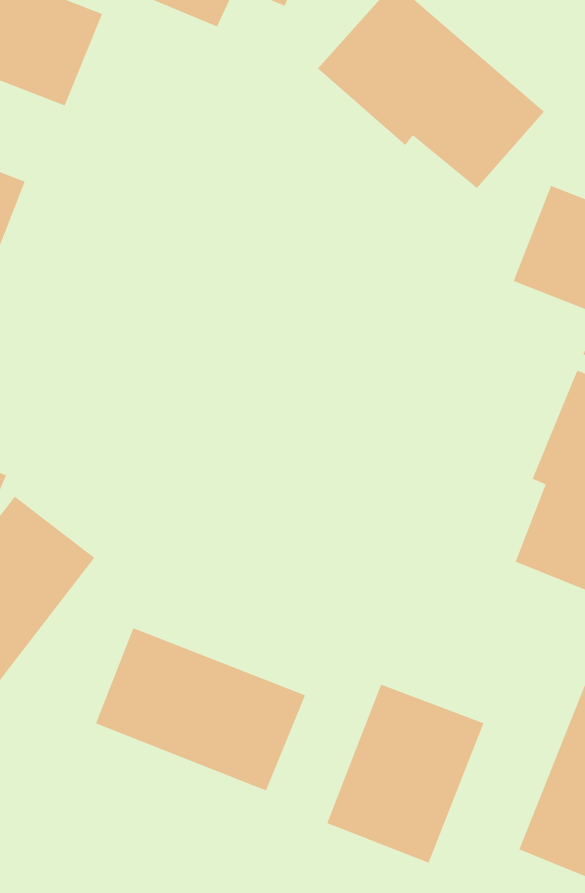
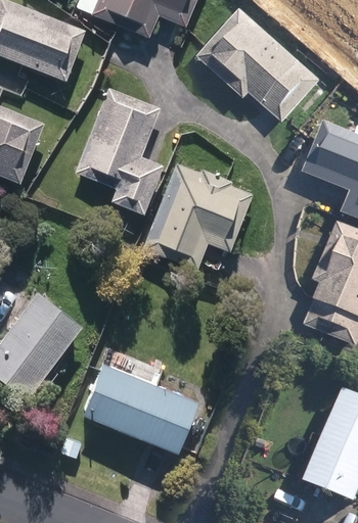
building: none -> [74,88,162,213]
building: none -> [143,163,252,267]
building: [327,684,484,864] -> none

